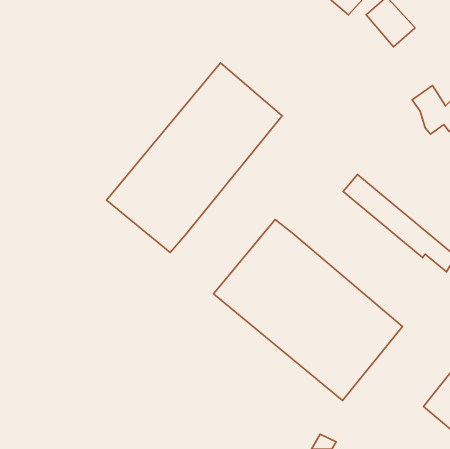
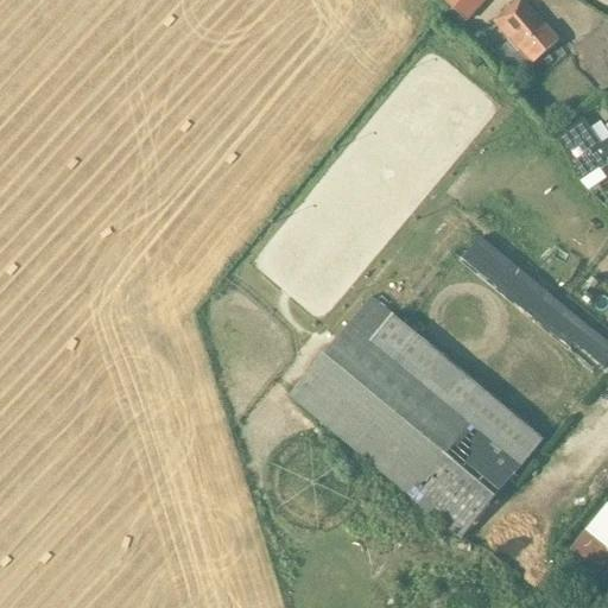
building: [107,63,282,252] -> none

